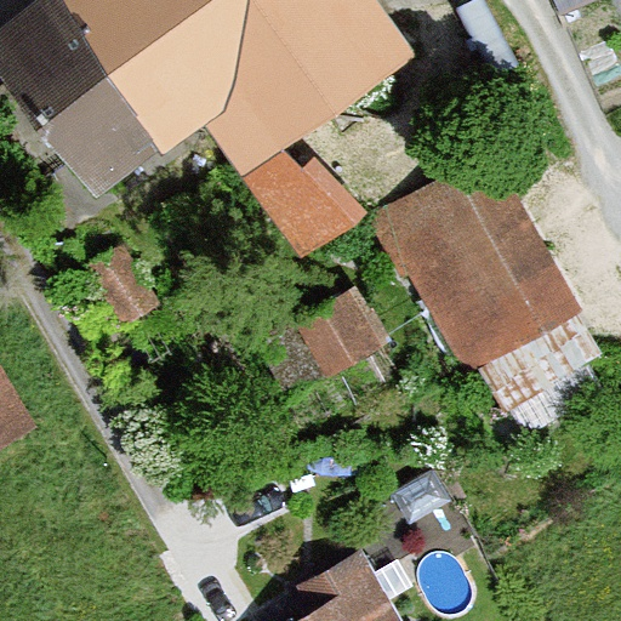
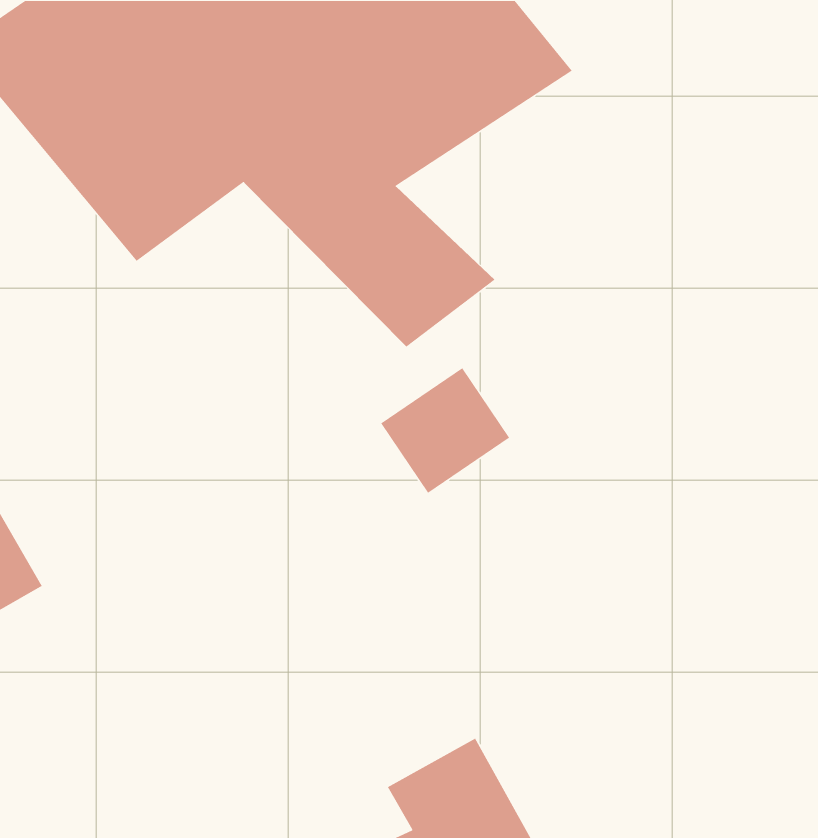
building: [380,144,576,360] -> none

